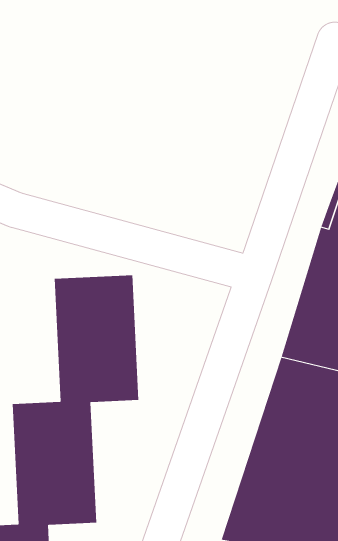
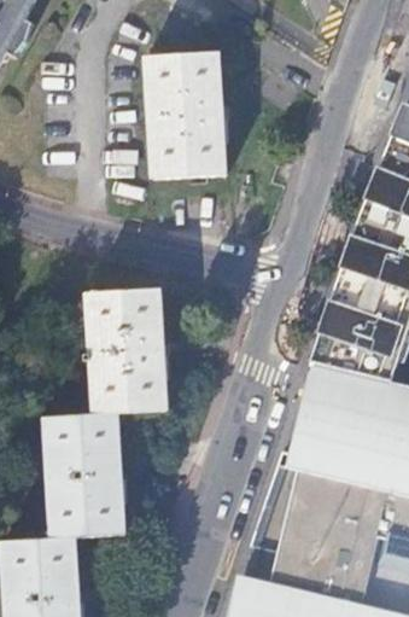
building: none -> [145,51,227,177]

